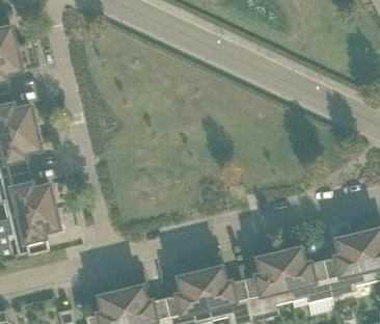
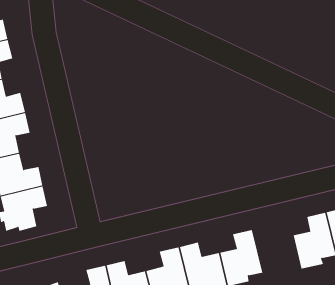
building: [279,247,331,301] -> none

